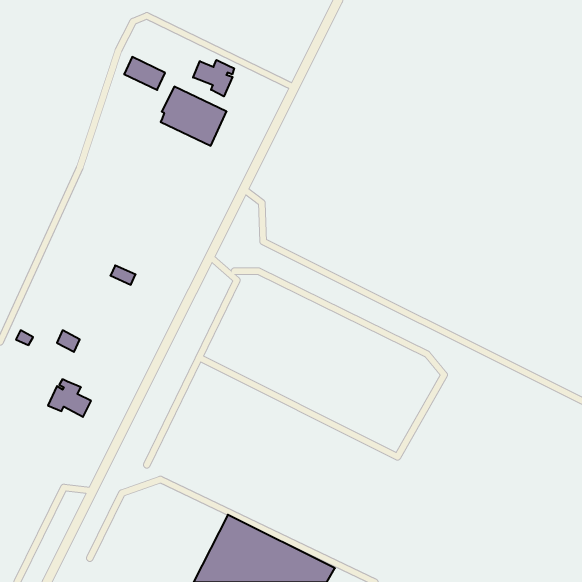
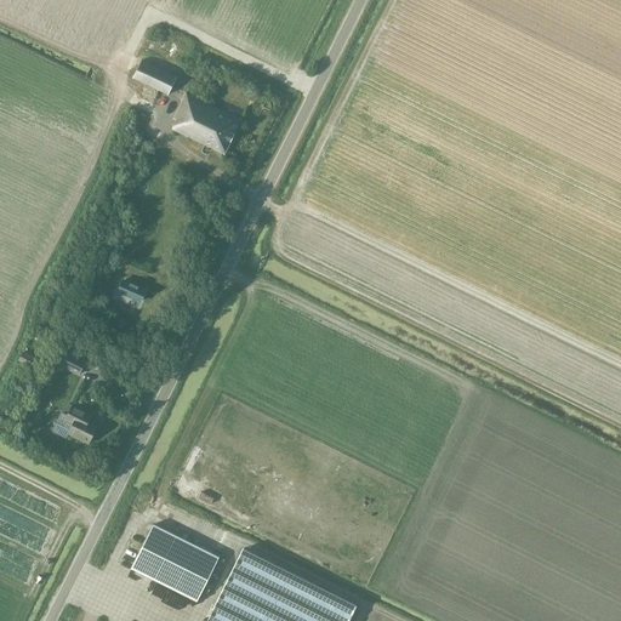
building: [193,60,234,96] -> none
building: none -> [131,525,218,600]

